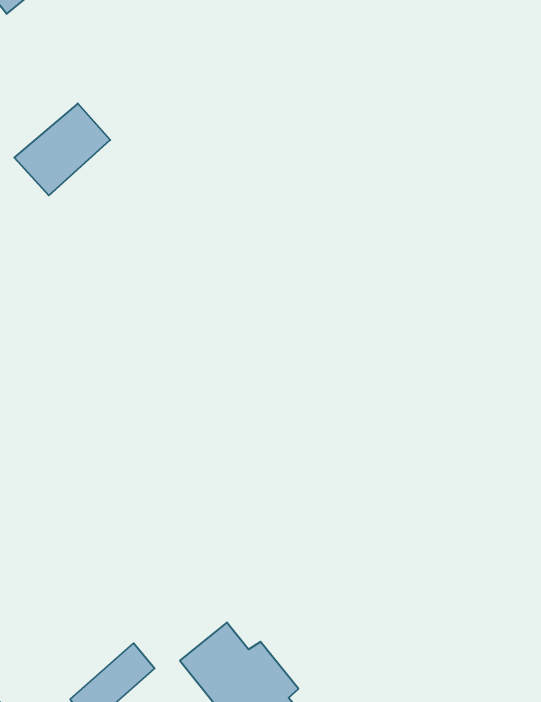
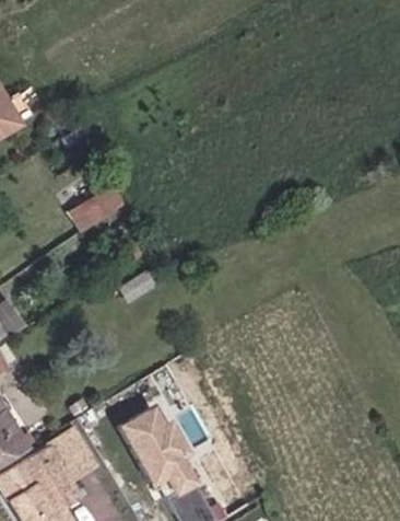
building: [14,103,110,195] -> [74,187,131,238]

